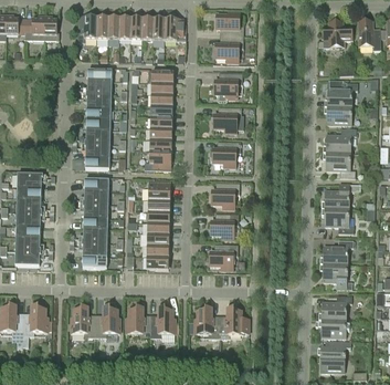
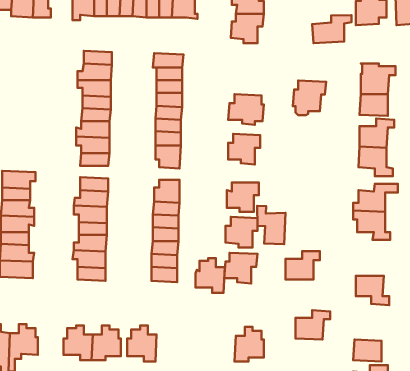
building: none -> [312,15,351,43]
building: [213,72,242,102] -> [293,81,326,115]
building: none -> [257,206,286,244]
building: [323,239,352,263] -> [285,251,320,279]
building: [322,294,351,320] -> [296,310,330,340]
building: [149,308,175,337] -> none
building: [193,308,219,337] -> [196,258,225,293]

